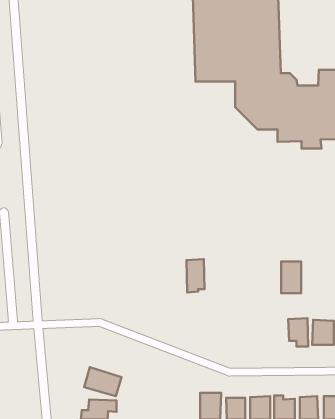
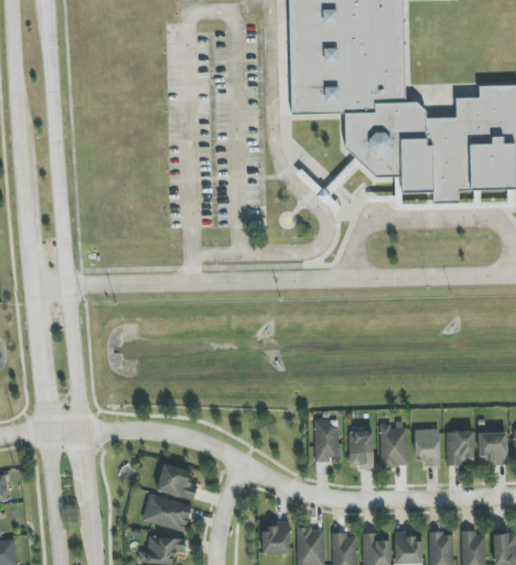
building: [186,259,205,292] -> [314,418,338,462]
building: [281,262,301,293] -> [380,424,407,466]
building: none -> [348,430,374,467]
building: none -> [157,465,197,499]
building: none -> [261,521,290,554]

